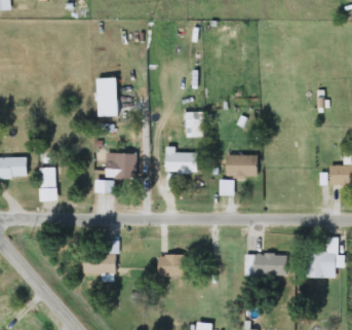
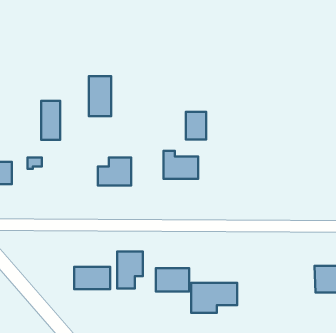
building: [226,154,258,178] -> none
building: [39,166,56,201] -> [41,101,60,140]
building: none -> [117,251,143,288]
building: [244,254,286,282] -> [191,283,237,313]

